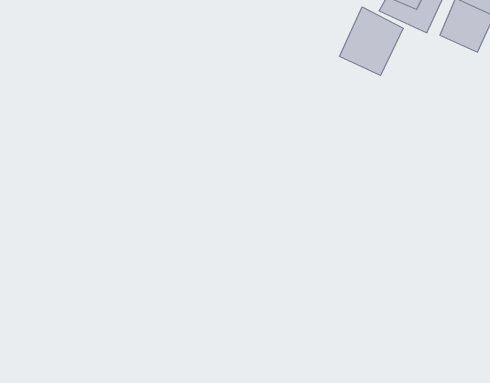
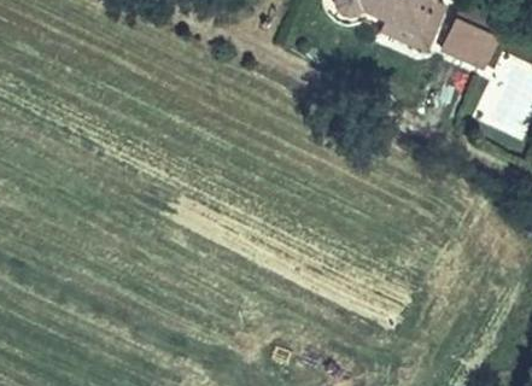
building: [339,7,403,75] -> none

